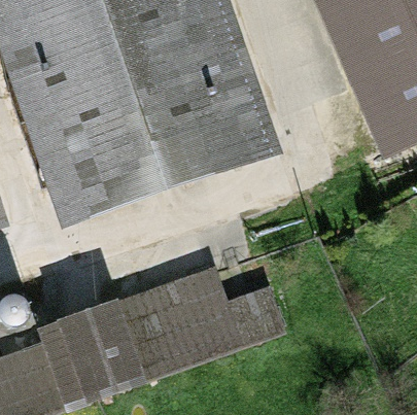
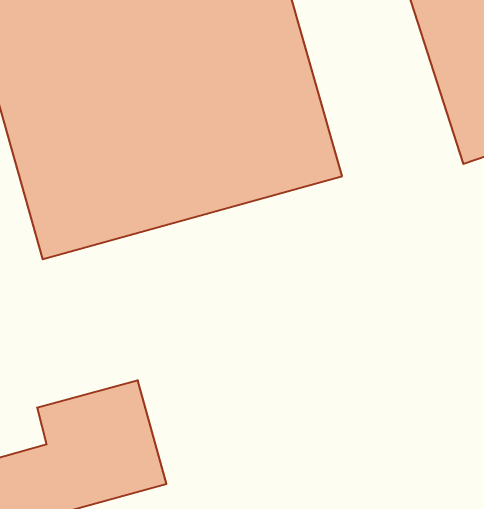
building: [151,269,290,355] -> none

